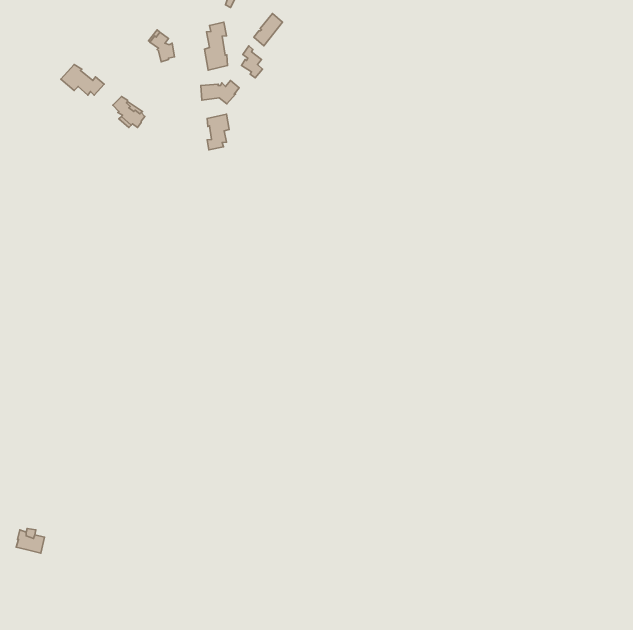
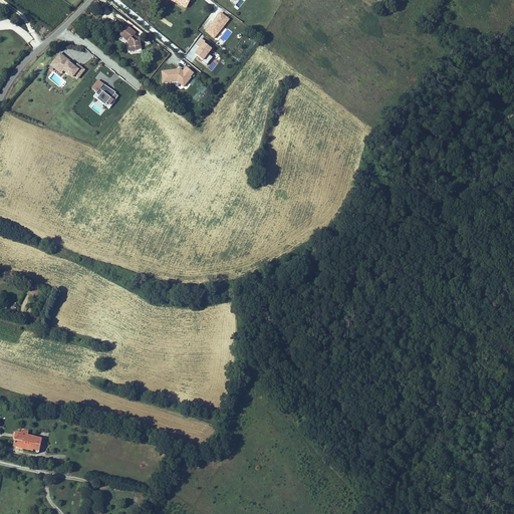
building: [205,22,228,70] -> none
building: [207,114,229,150] -> none

